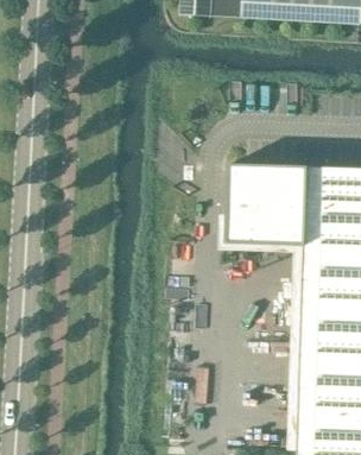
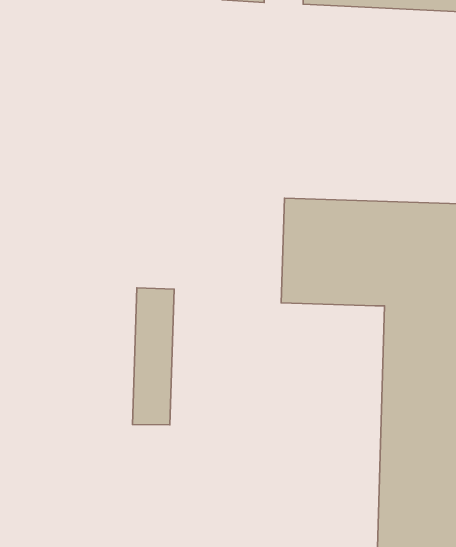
building: none -> [132,288,174,425]

